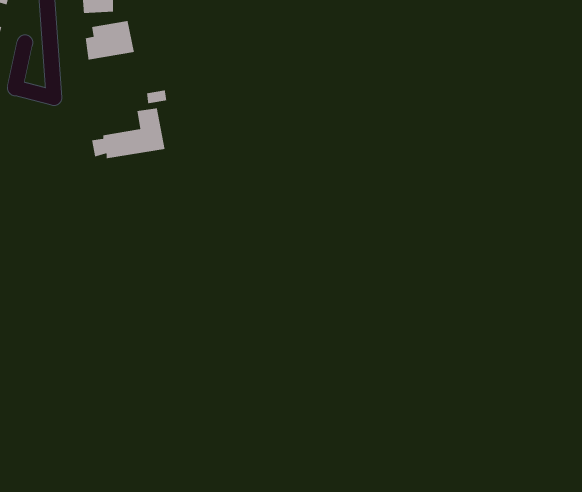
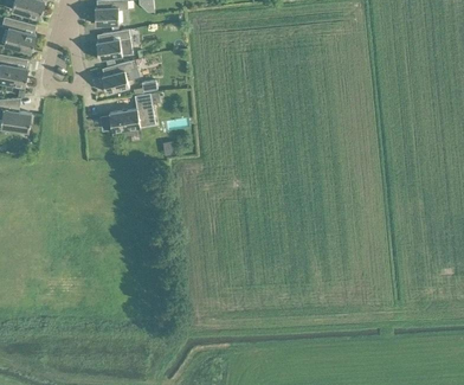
building: none -> [101,60,136,94]

